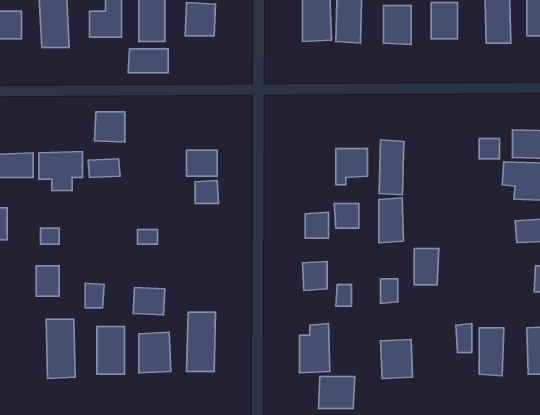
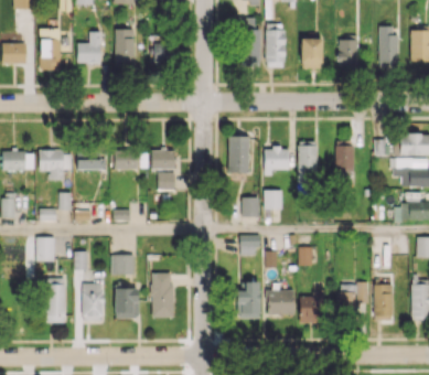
building: [128,49,168,73] -> none
building: [94,112,125,142] -> [114,147,137,170]
building: none -> [228,136,249,172]
building: [379,198,403,243] -> [335,140,354,174]
building: [414,249,439,285] -> [337,285,356,312]
building: [319,377,355,408] -> [267,290,294,314]

